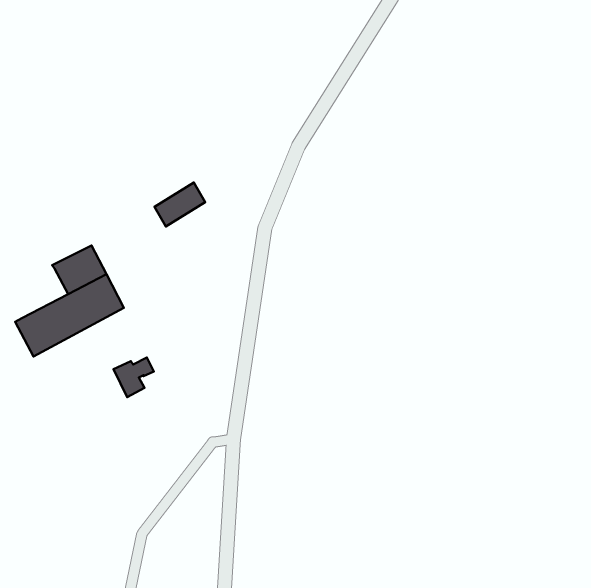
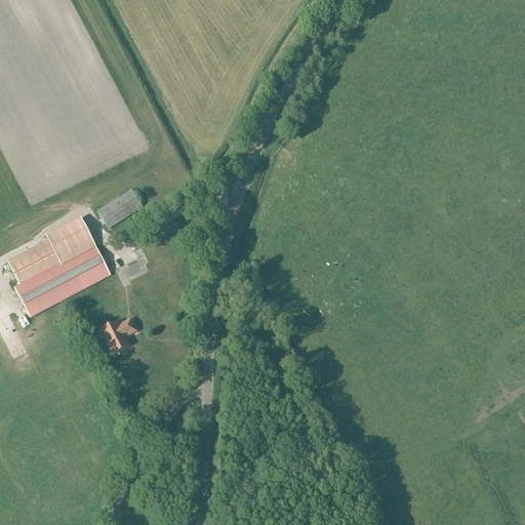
building: [154,182,205,226] -> [97,189,143,228]
building: none -> [7,238,60,282]

